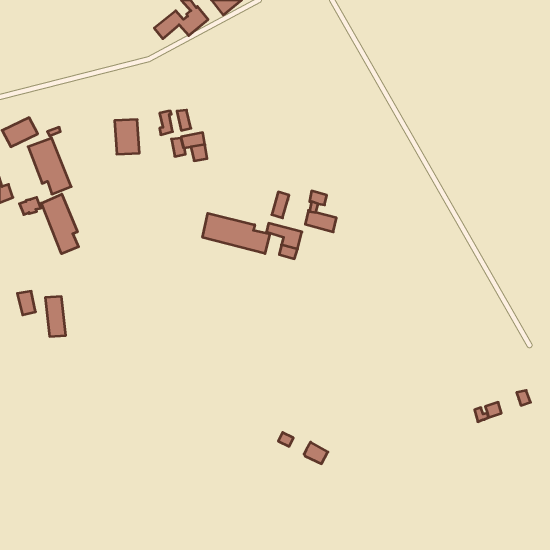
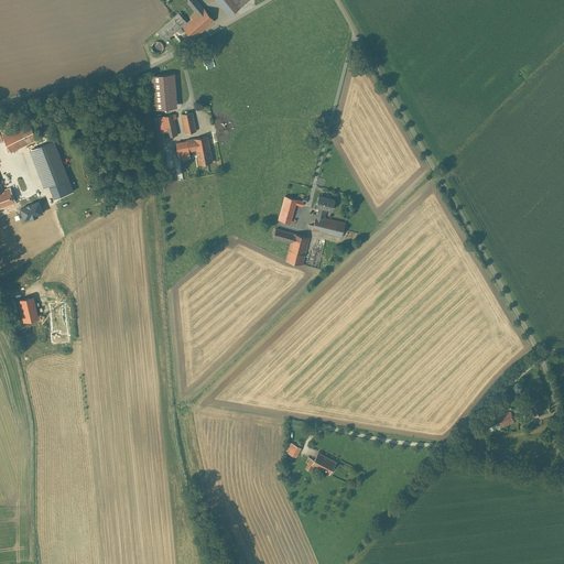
building: [115,120,139,154] -> [154,74,180,109]
building: [41,194,79,254] -> none
building: [203,213,270,254] -> none

